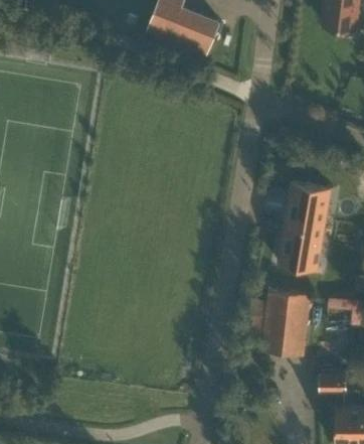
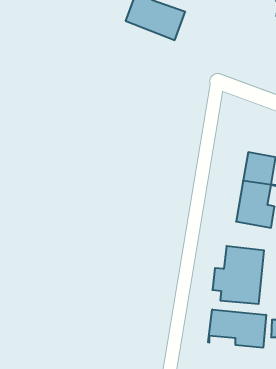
building: none -> [208,309,266,348]

